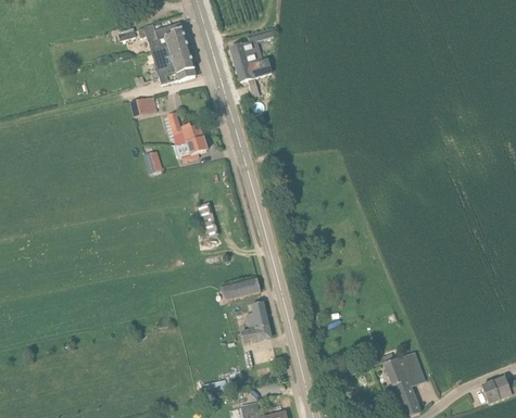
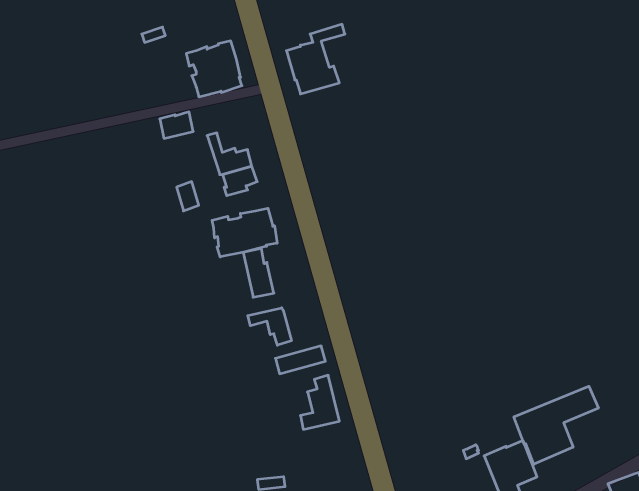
building: [137,22,186,50] -> none
building: none -> [212,208,277,257]
building: none -> [248,308,291,345]
building: none -> [514,386,598,464]

